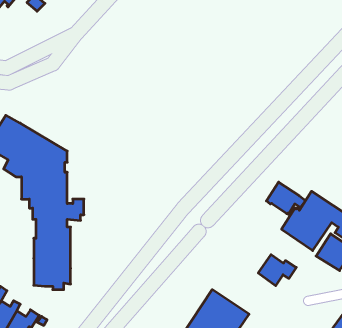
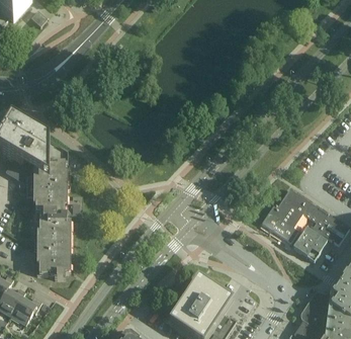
building: [266,182,305,214] -> none
building: [258,255,296,286] -> none

